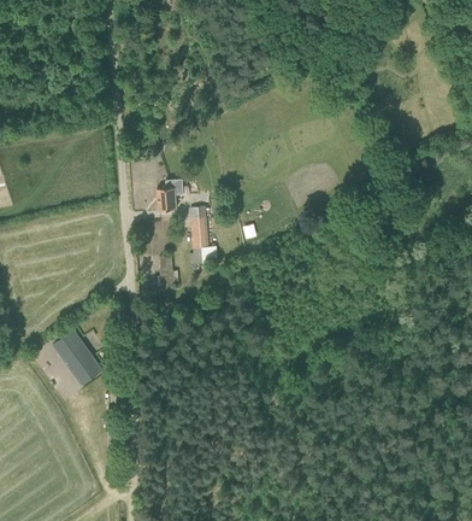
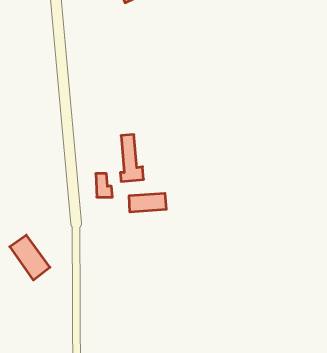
building: [154,181,196,211] -> none
building: none -> [129,193,166,212]

